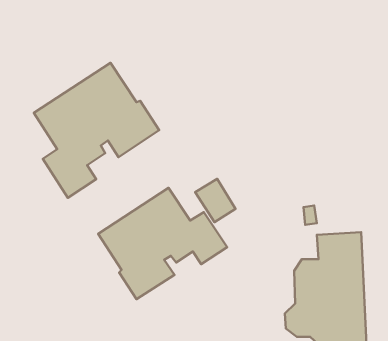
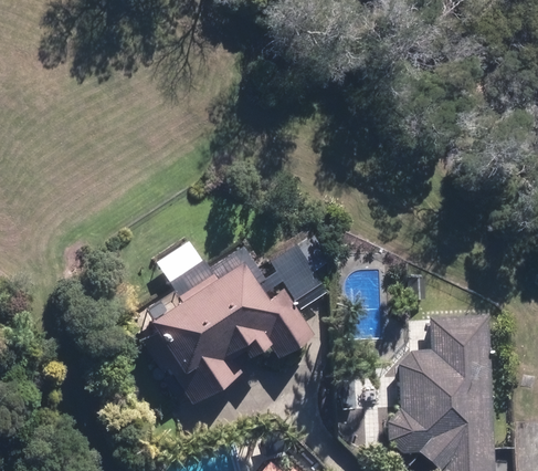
building: [34,63,159,198] -> none

